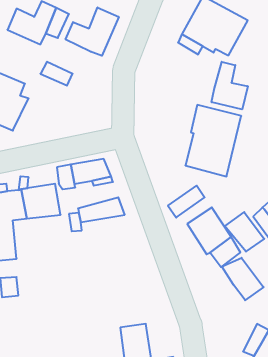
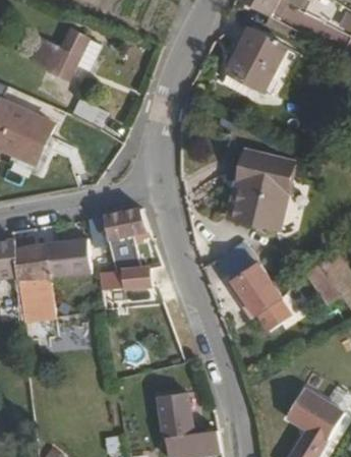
building: [66,7,119,56] -> none
building: [212,62,248,109] -> none
building: [225,212,264,252] -> none
building: [222,258,264,300] -> none

